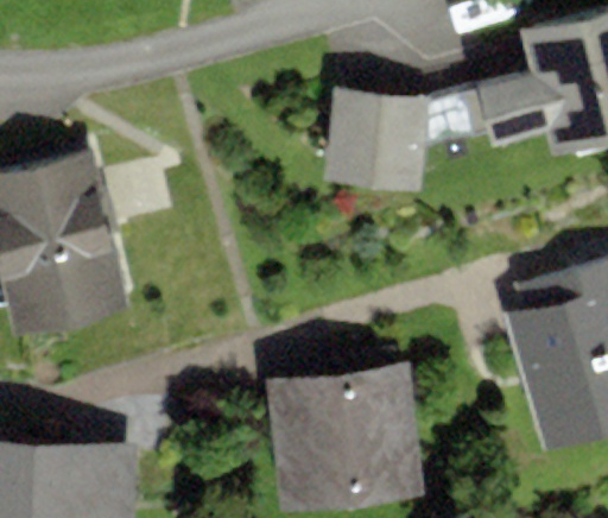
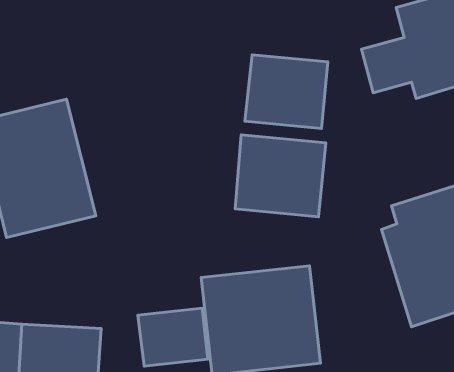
building: none -> [235,135,326,217]
building: none -> [138,308,208,366]

